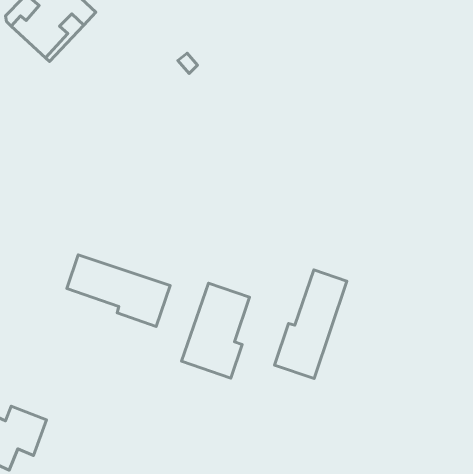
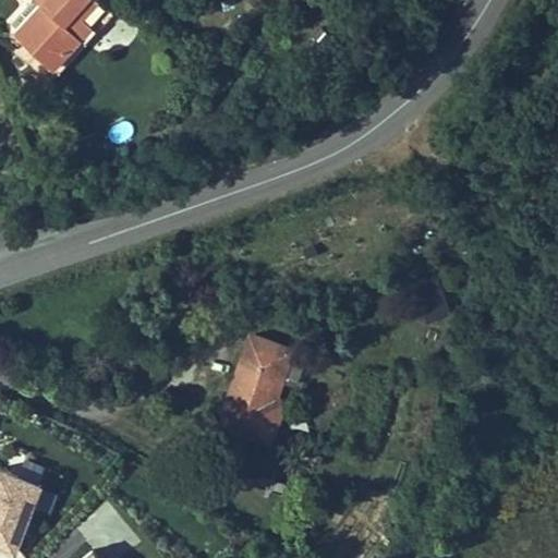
building: [67,255,170,326] -> none
building: [274,270,347,379] -> none

